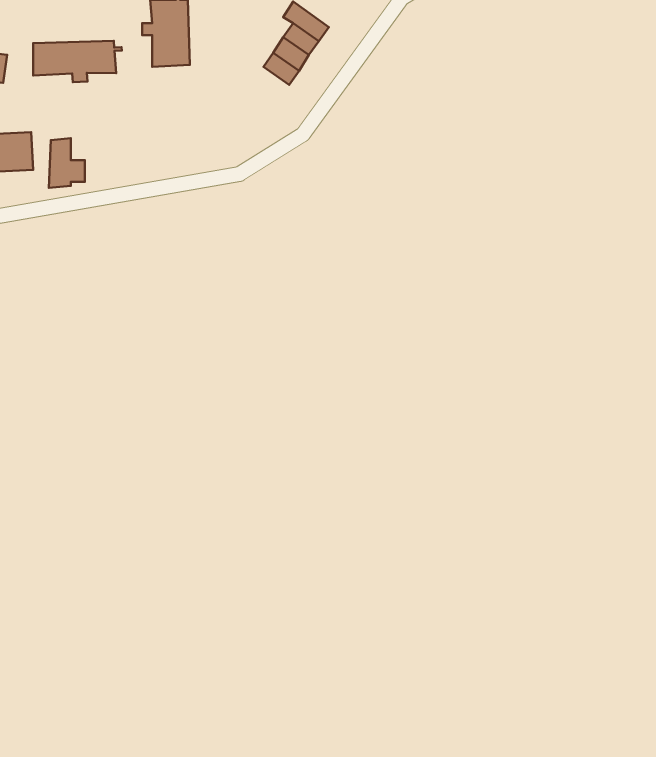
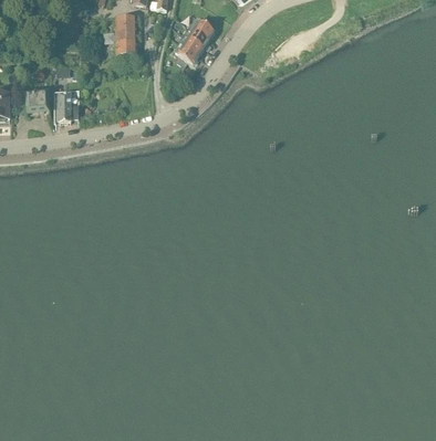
building: [33,41,122,82] -> none

